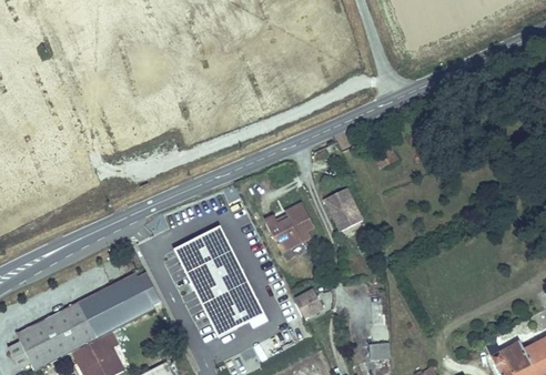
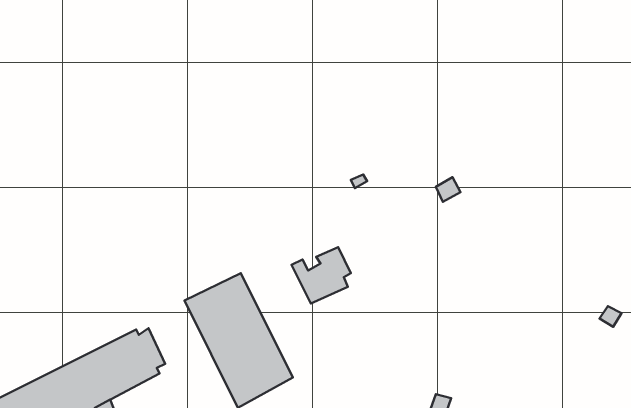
building: [320,186,357,230] -> none
building: [294,287,324,317] -> none

